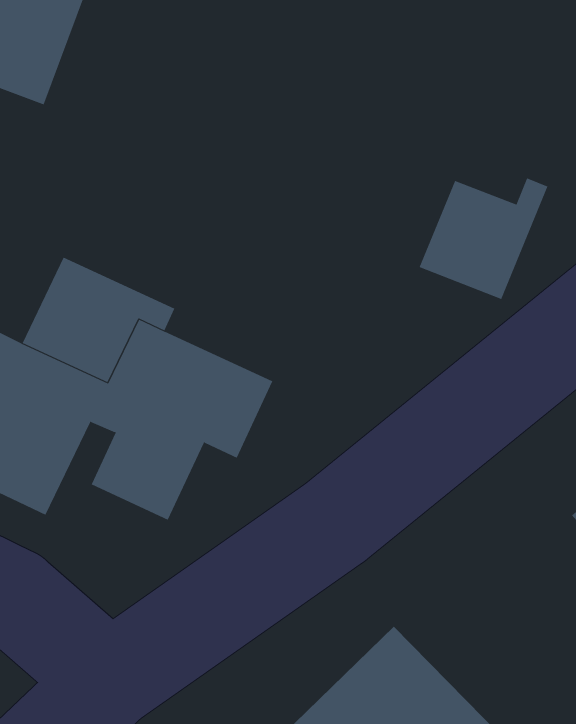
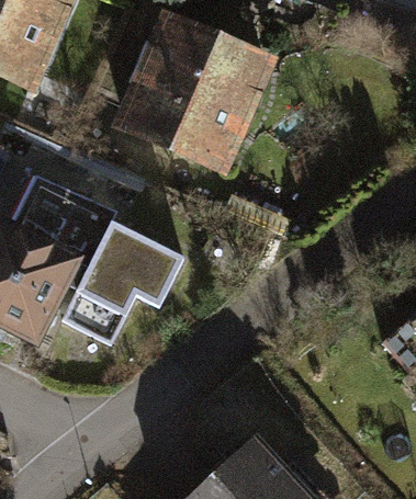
building: none -> [126,26,267,170]
building: [419,177,548,300] -> none

